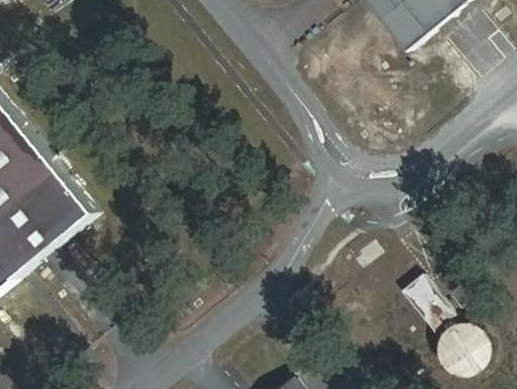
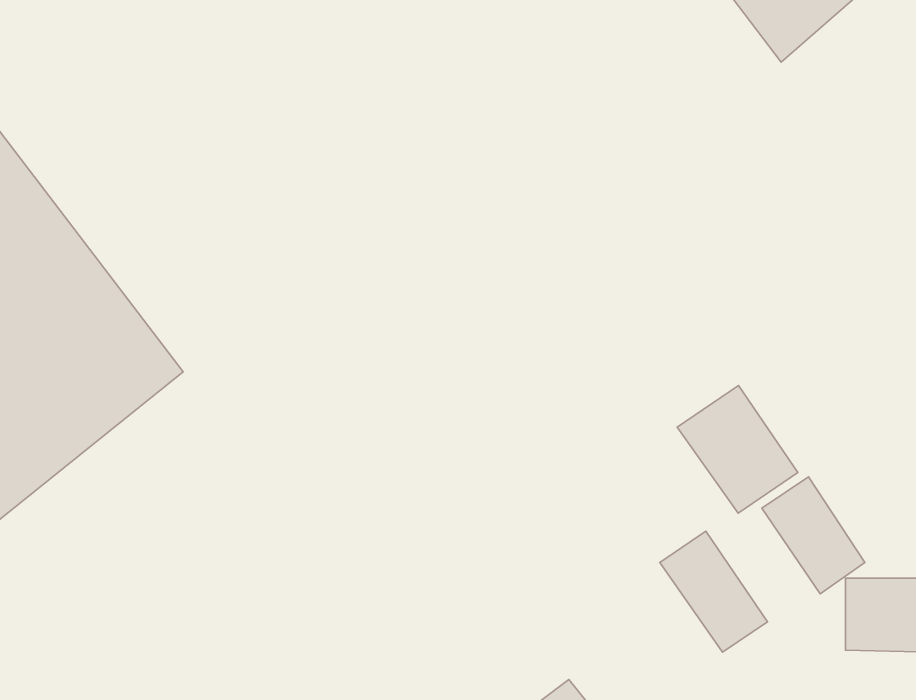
building: none -> [677,385,798,513]
building: none -> [660,531,767,652]

